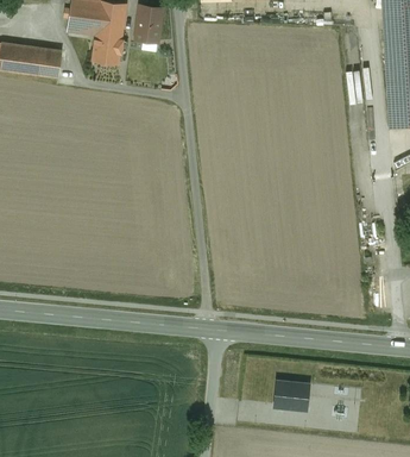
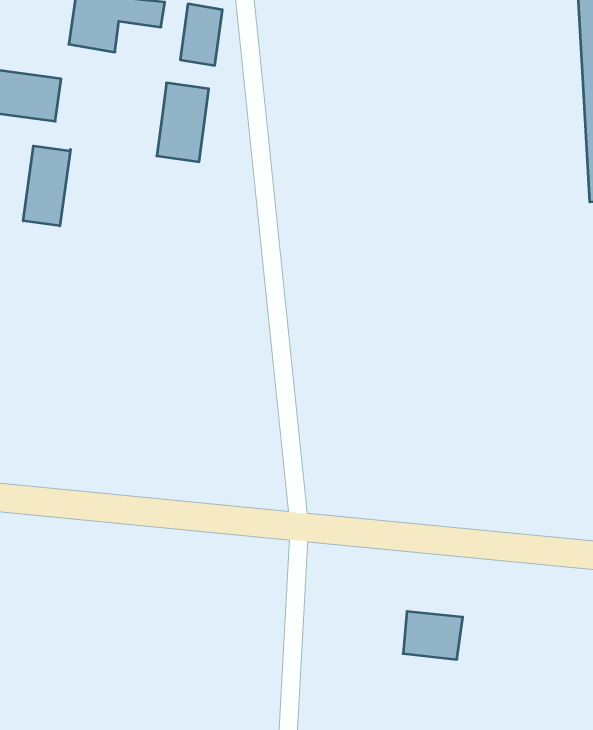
building: [93,15,125,64] -> [157,83,209,162]
building: none -> [23,146,70,226]

